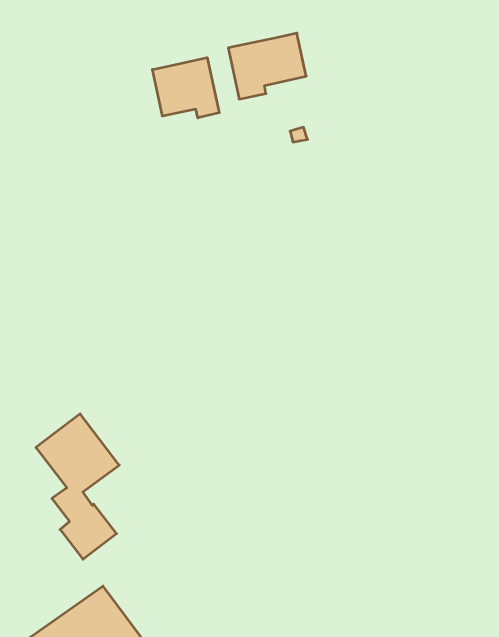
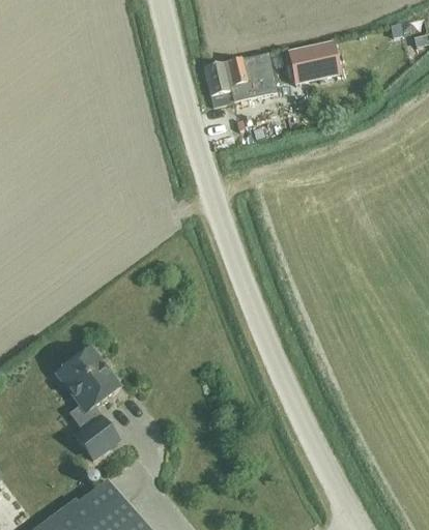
building: none -> [288,41,341,84]
building: [152,58,219,118] -> none

